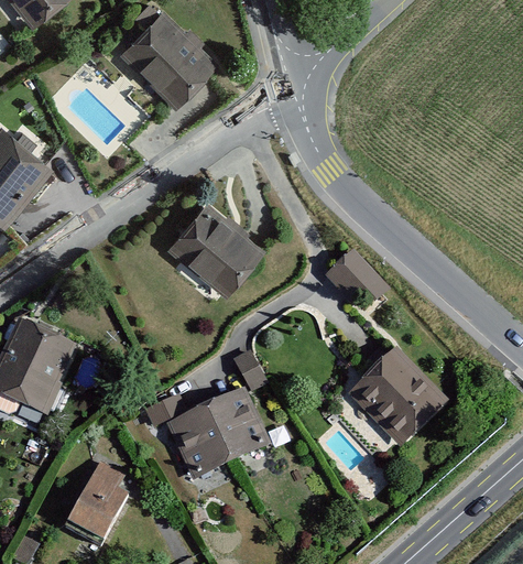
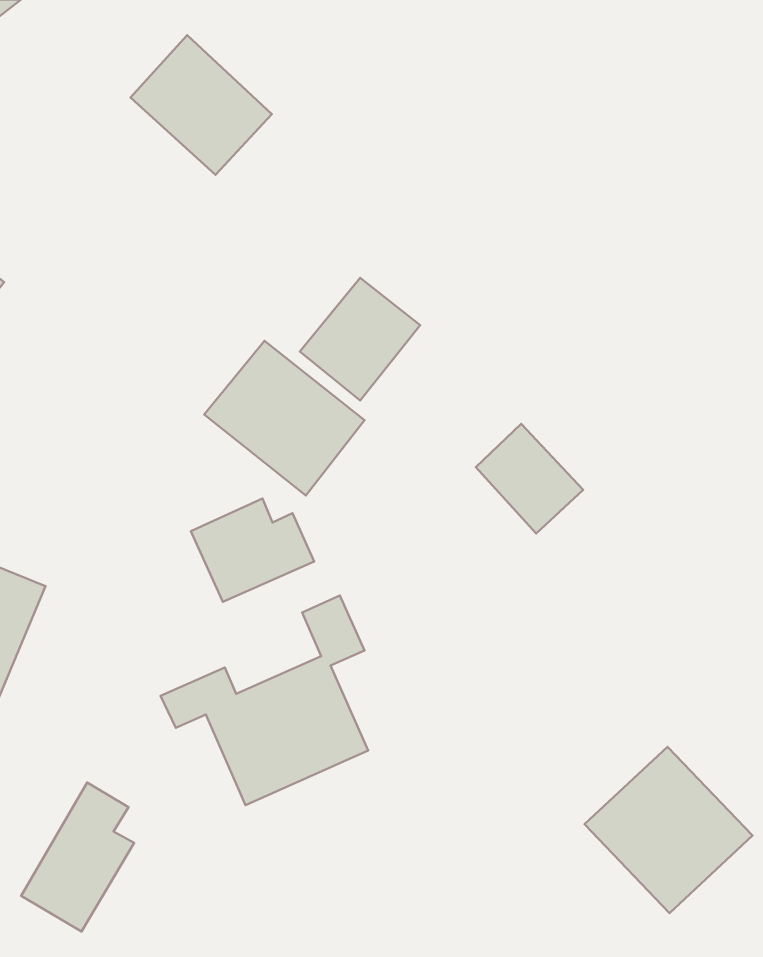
building: none -> [300,278,420,401]
building: none -> [191,499,314,602]
building: [349,346,447,443] -> [584,747,752,913]

